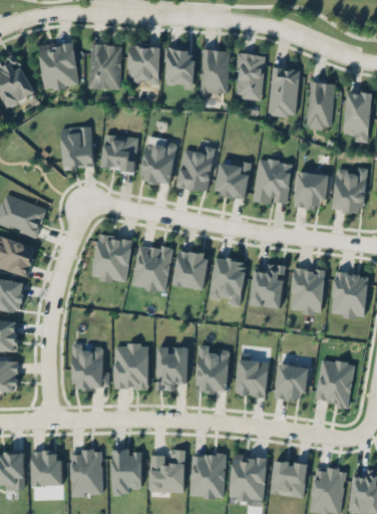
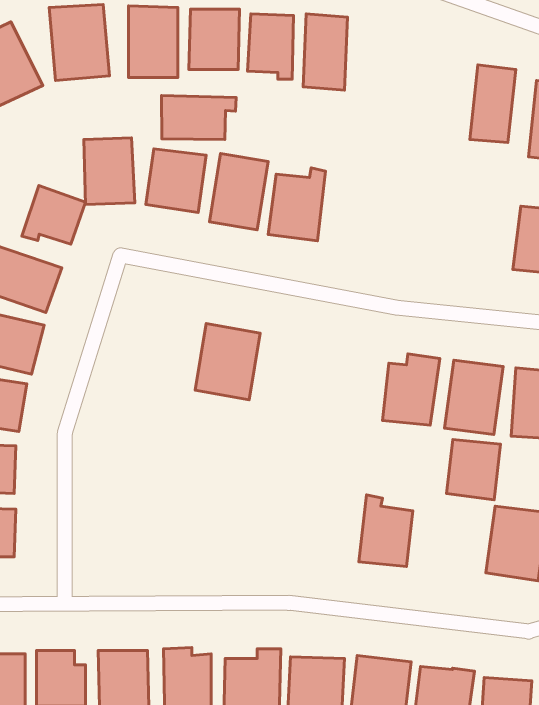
building: [232,52,264,99] -> none
building: [269,67,299,116] -> none
building: none -> [162,95,236,140]
building: none -> [22,185,85,244]
building: [253,159,292,205] -> none
building: [214,162,251,199] -> none
building: [294,170,328,210] -> none
building: [91,234,133,283] -> none
building: [173,250,208,290] -> none
building: [210,257,247,307] -> none
building: [72,343,108,389] -> none
building: [114,344,148,390] -> none
building: [197,345,229,392] -> none
building: [155,346,188,391] -> none
building: [274,363,308,402] -> [446,440,500,500]

